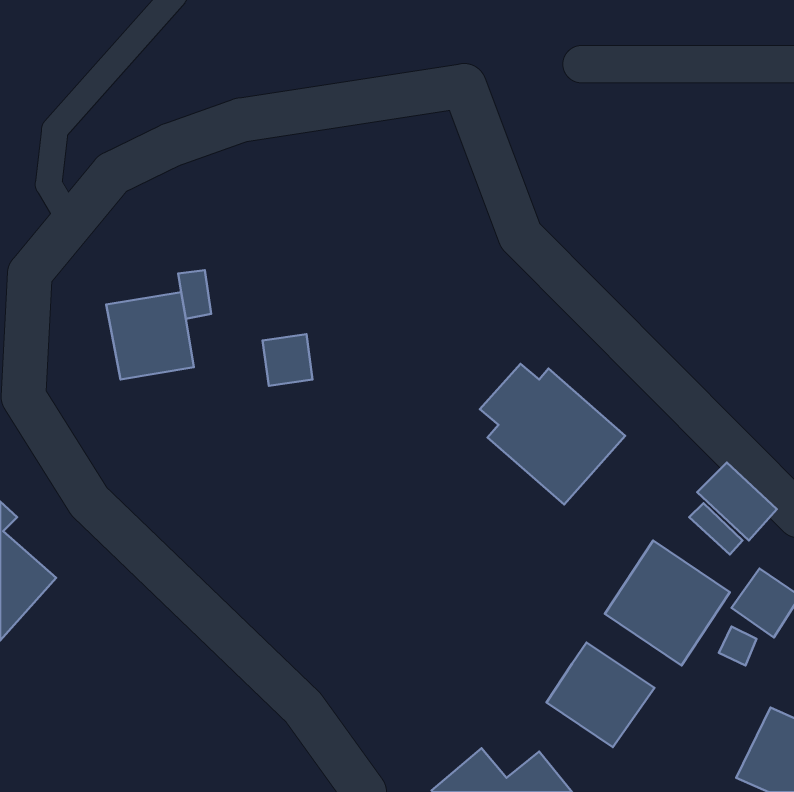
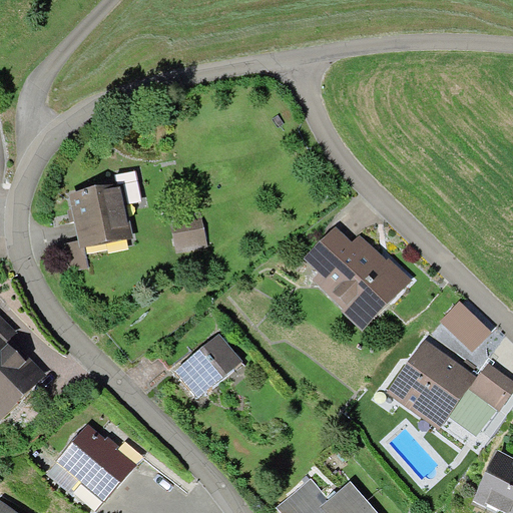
building: none -> [177,336,240,397]
building: [547,643,654,747] -> none
building: none -> [50,427,130,496]

